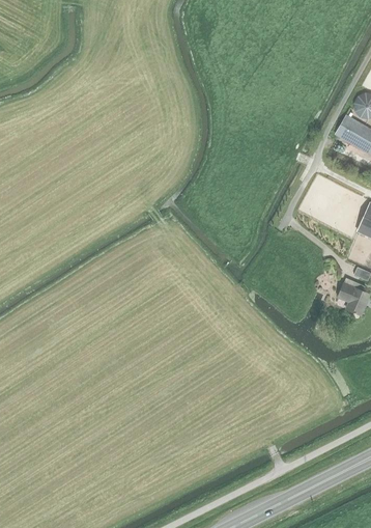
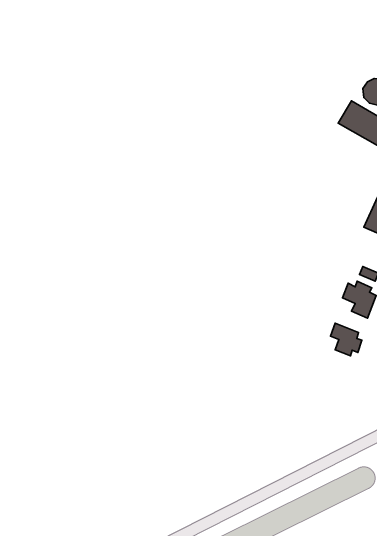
building: none -> [330,323,362,356]

